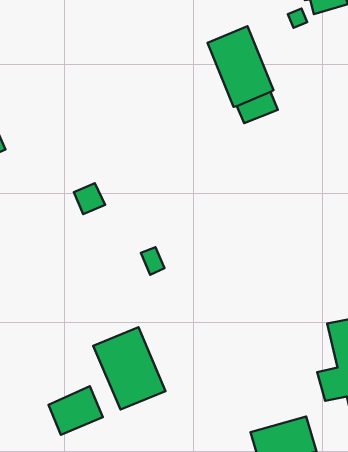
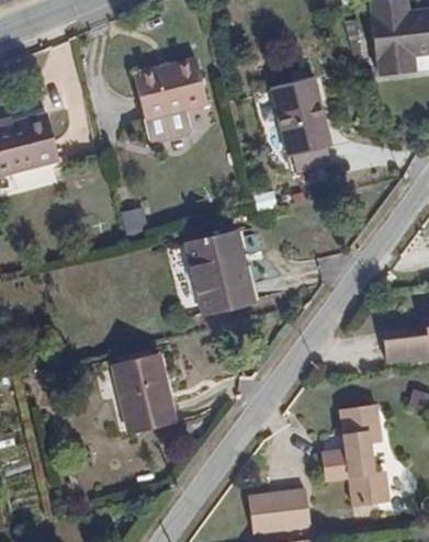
building: none -> [135,69,206,127]
building: none -> [188,244,253,324]
building: [48,386,103,435] -> none

